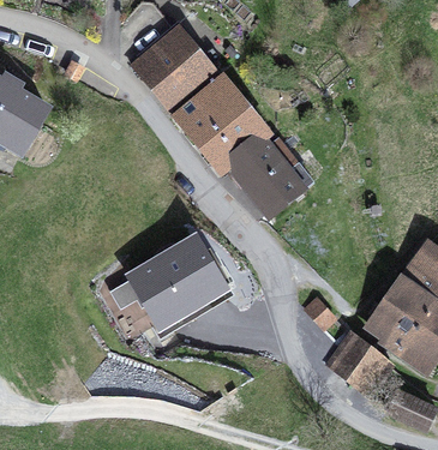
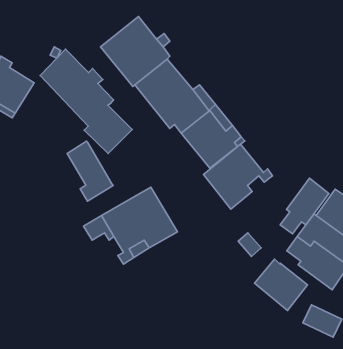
building: none -> [40,49,132,153]
building: none -> [67,141,113,201]
building: none -> [203,144,272,209]
building: none -> [280,178,329,234]

